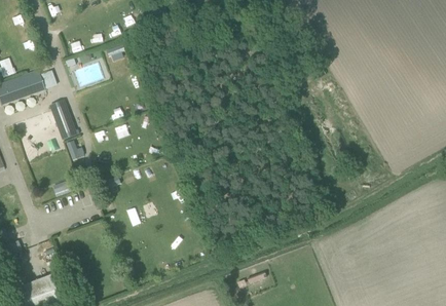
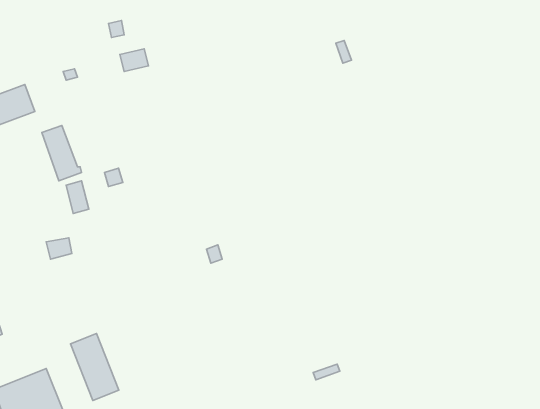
building: none -> [70,334,119,401]

